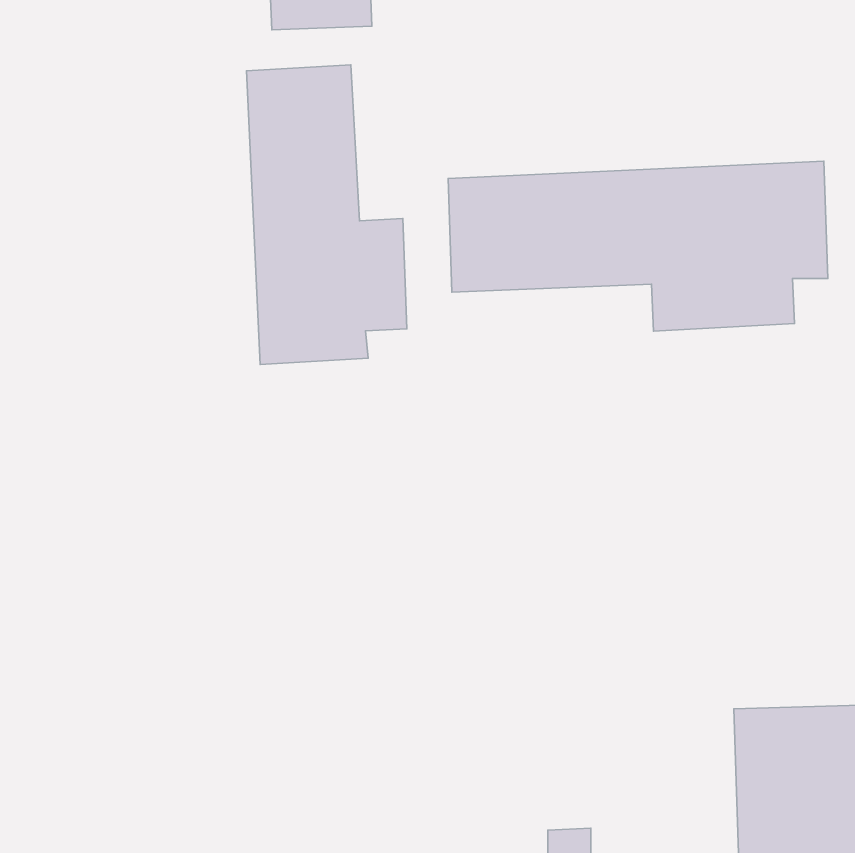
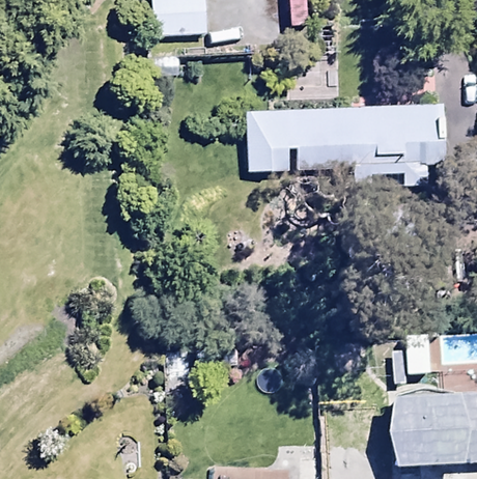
building: [246,65,407,365] -> none

